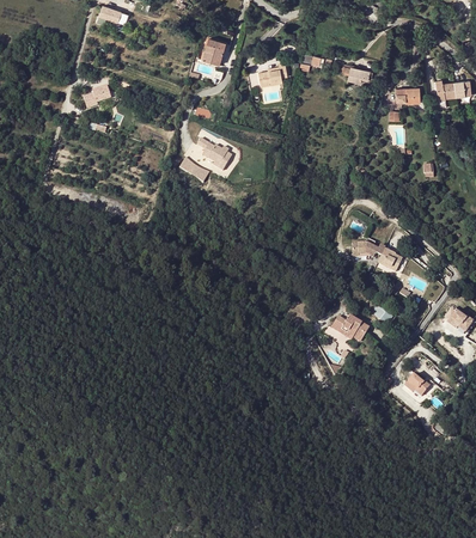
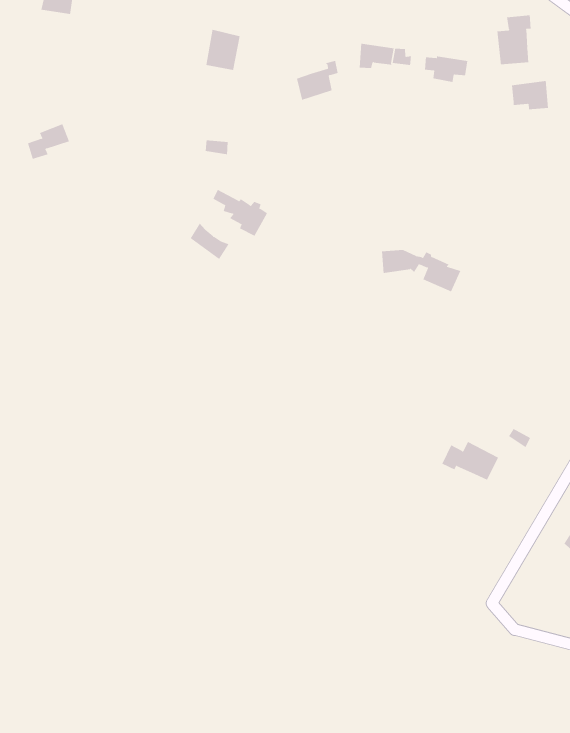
building: none -> [497,15,531,65]
building: [352,242,402,271] -> [381,249,461,292]

